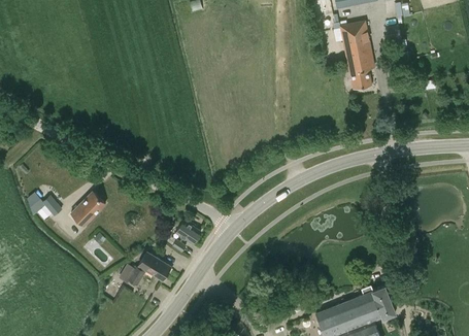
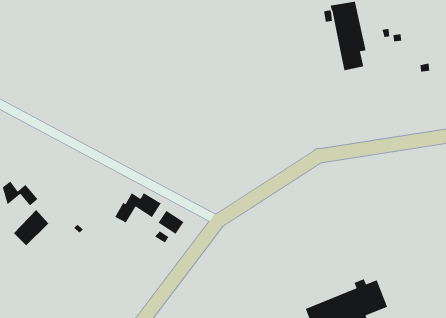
building: [72,191,106,226] -> [13,209,49,246]
building: [127,256,172,285] -> [114,192,162,224]

